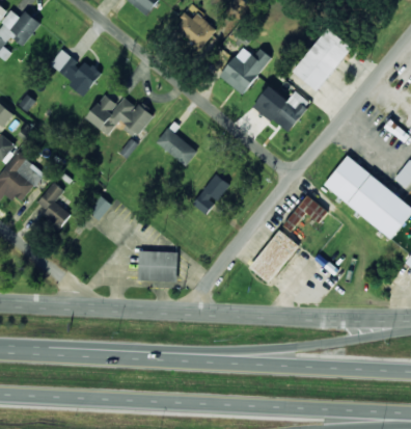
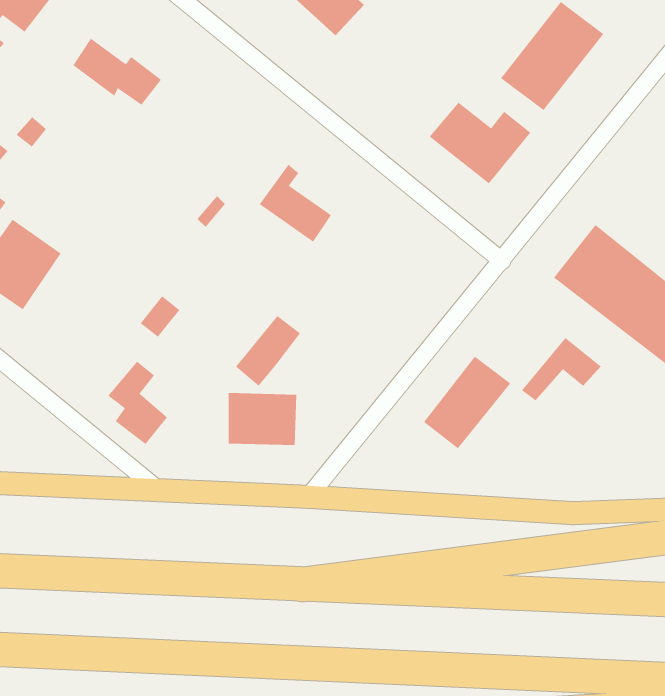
building: [219,46,271,93] -> none
building: [85,93,154,136] -> none
building: [192,173,229,214] -> [235,315,301,387]
building: [36,182,71,230] -> [107,361,168,445]
building: [282,194,328,231] -> [521,337,602,401]

